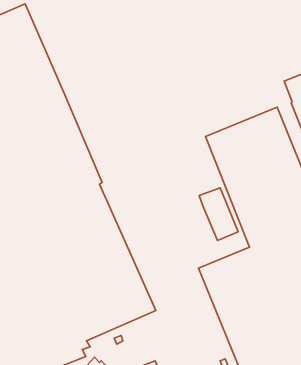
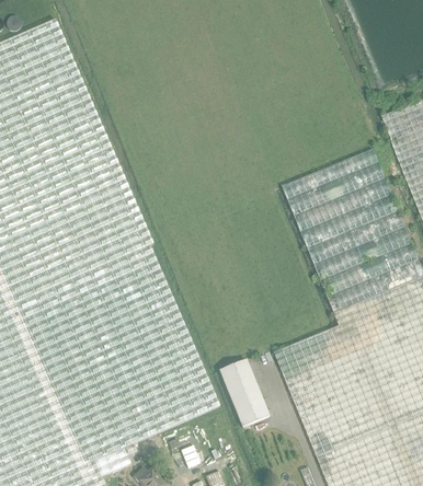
building: [199,188,238,240] -> [219,360,268,427]

